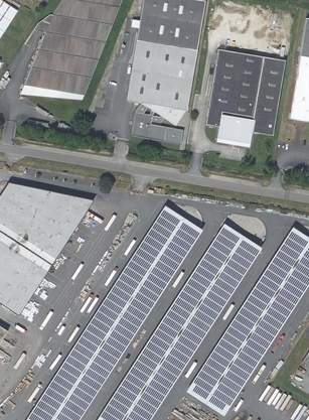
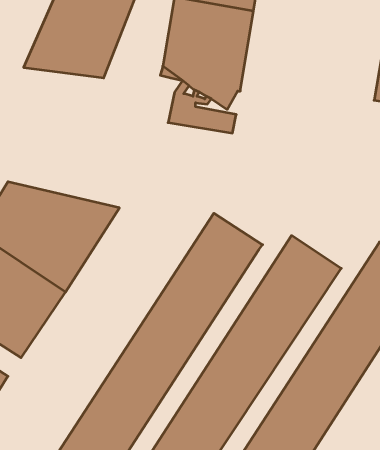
building: [205,48,285,146] -> none

